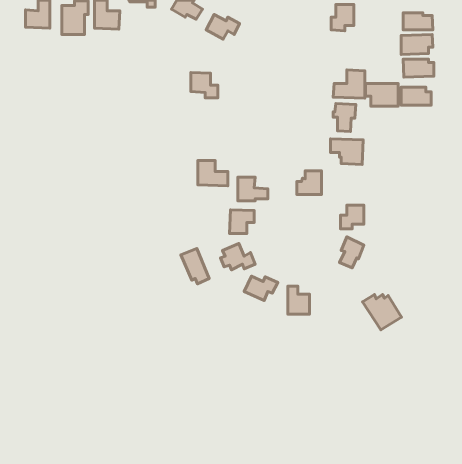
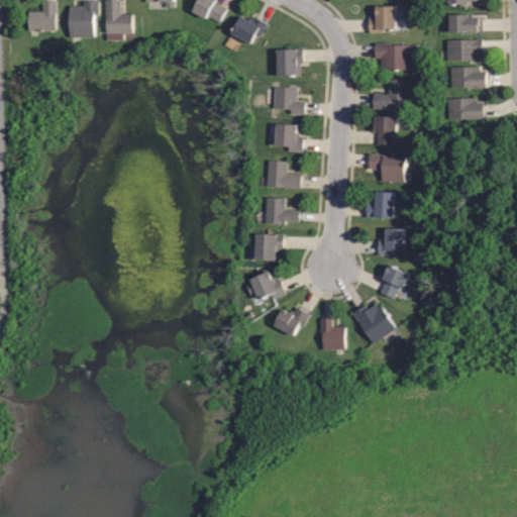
building: none -> [274,49,301,76]
building: [191,72,218,98] -> [272,86,302,114]
building: [366,83,398,106] -> [372,43,408,69]
building: none -> [275,122,302,151]
building: [198,160,228,186] -> [267,161,300,189]
building: [297,171,321,194] -> [365,191,392,217]
building: [181,249,209,284] -> none
building: [363,294,402,330] -> [352,303,396,342]

